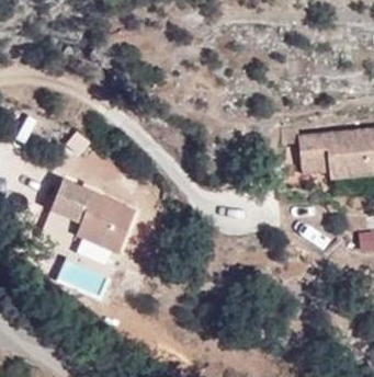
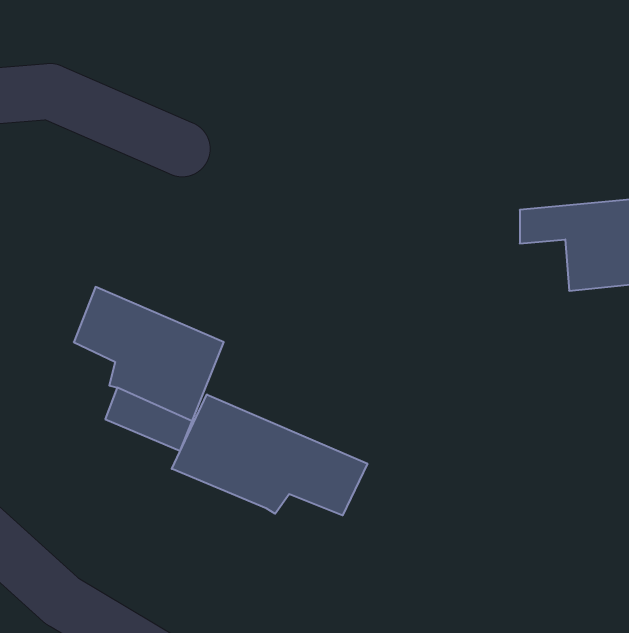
building: none -> [172,394,367,515]

